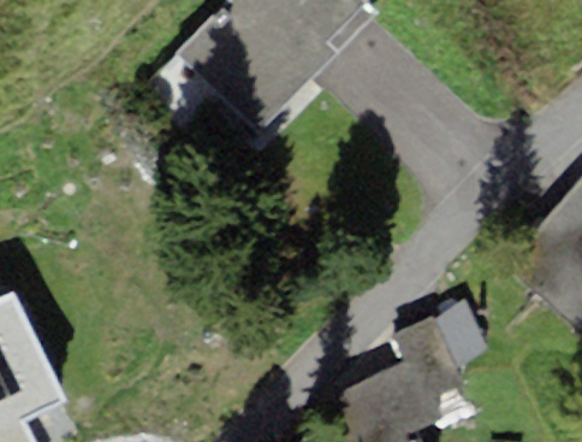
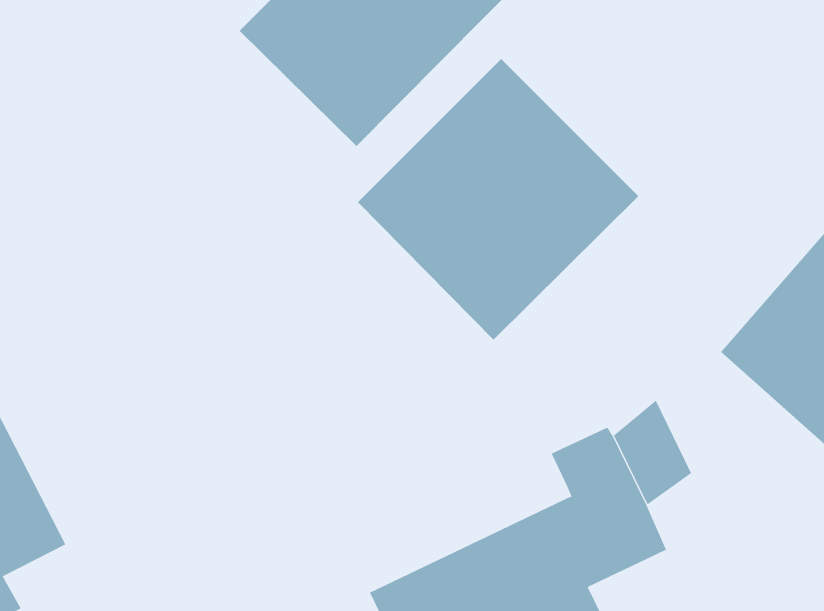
building: none -> [357,58,639,341]

